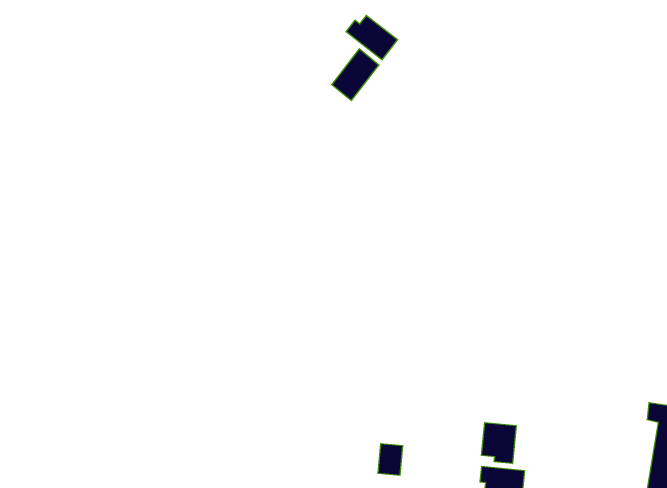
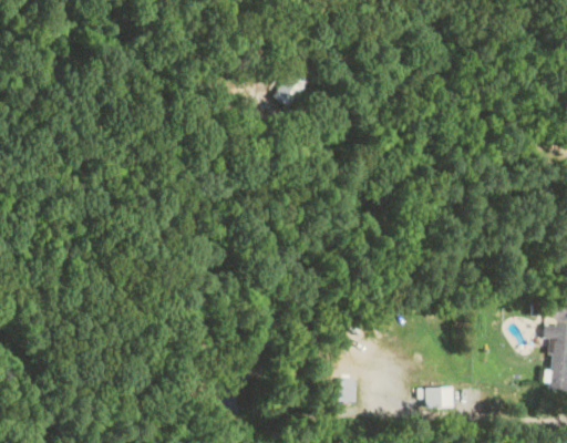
building: [346,15,398,60] -> none
building: [482,422,516,464] -> none

